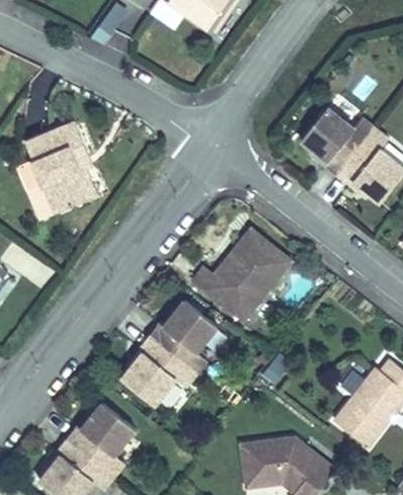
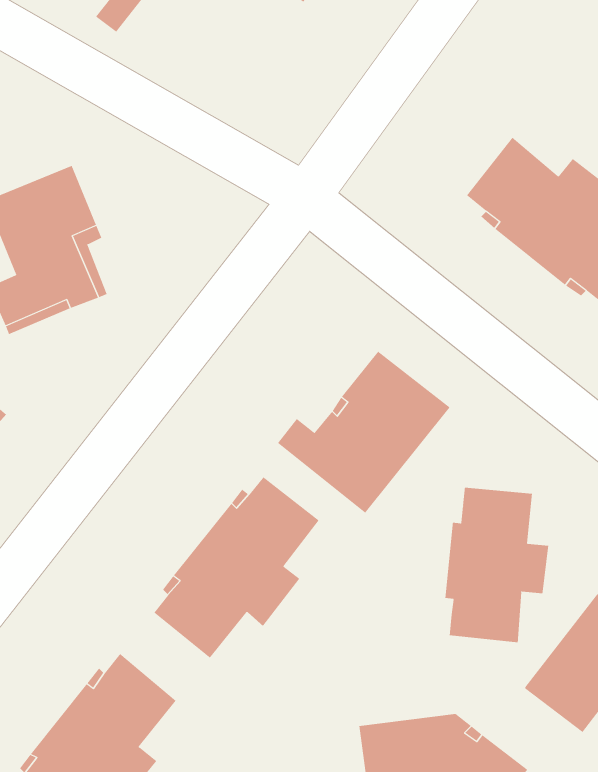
building: none -> [445,487,549,643]

